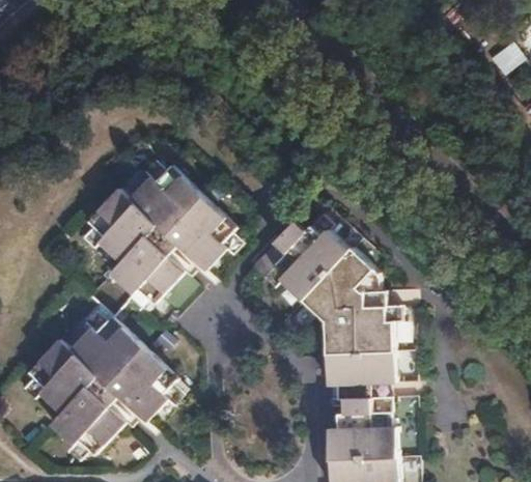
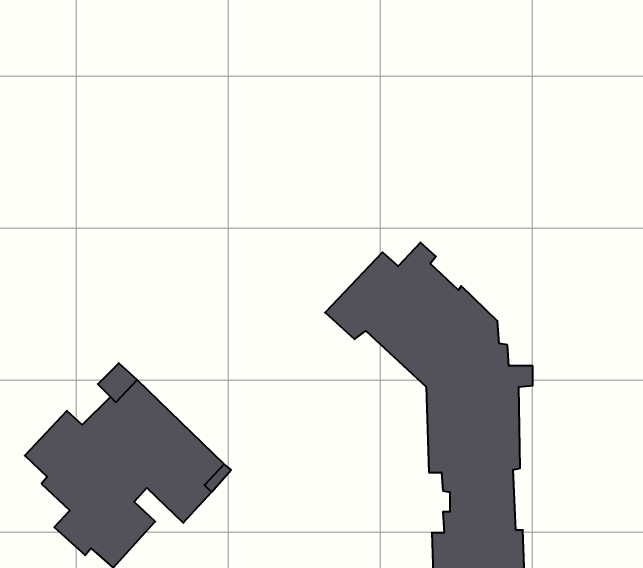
building: [86,166,233,304] -> none

